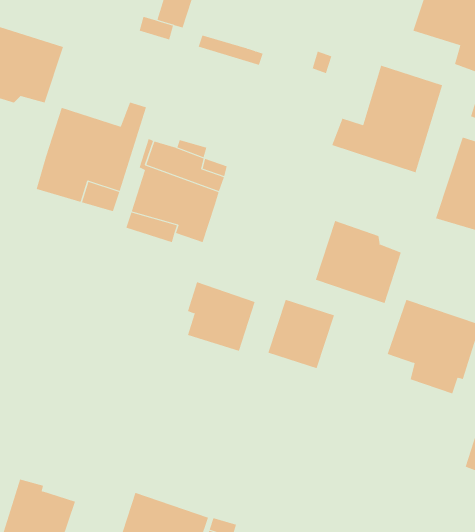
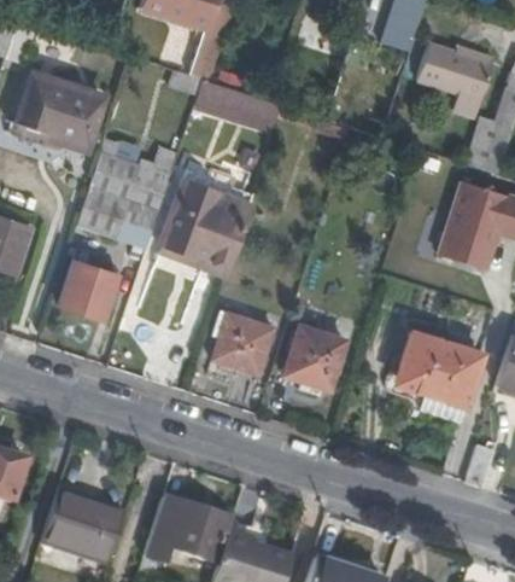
building: [332,65,443,173] -> none
building: none -> [59,251,119,318]
building: [315,220,402,304] -> none

